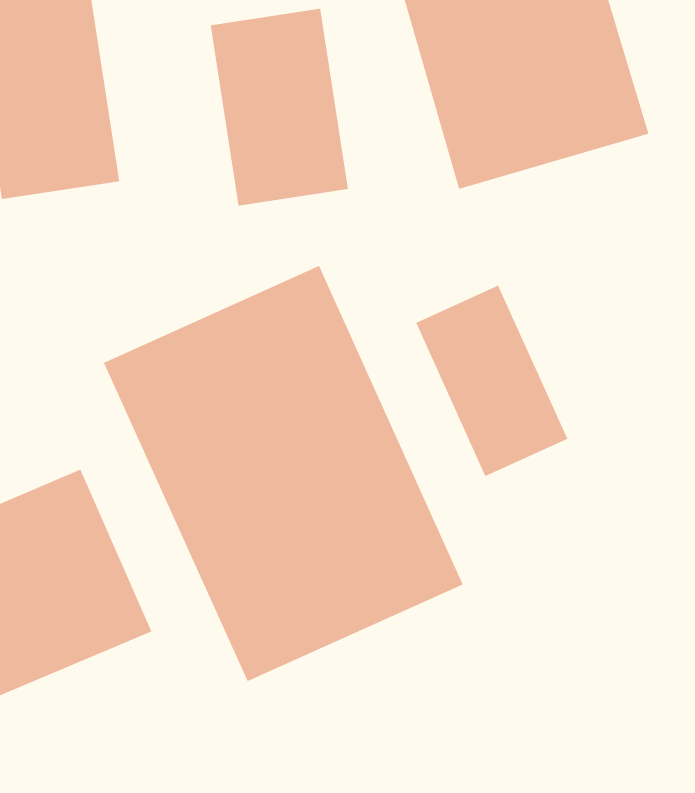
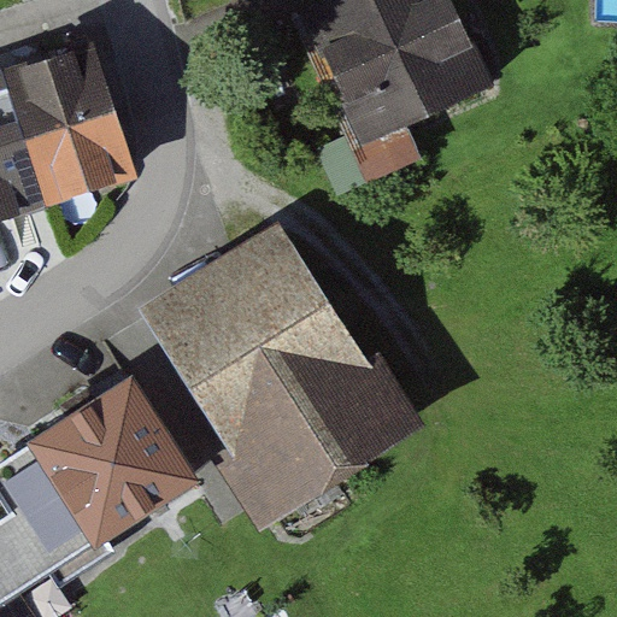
building: [210,8,349,207] -> none
building: [415,285,568,477] -> none

